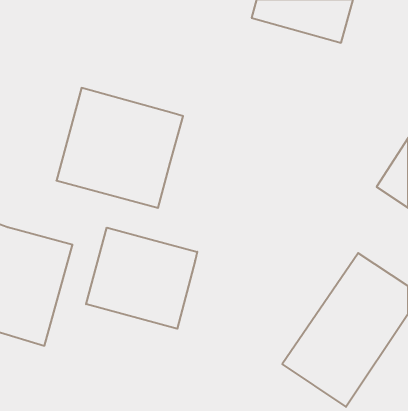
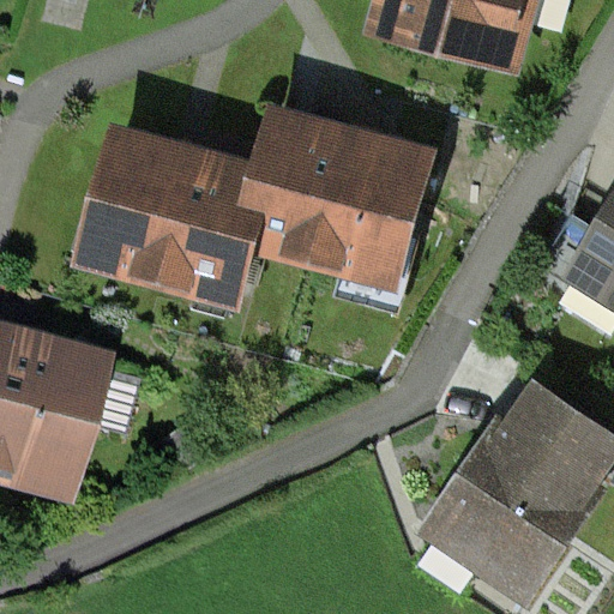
building: none -> [253,103,445,279]
building: [86,228,197,329] -> none

